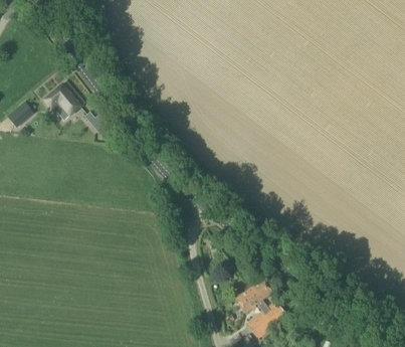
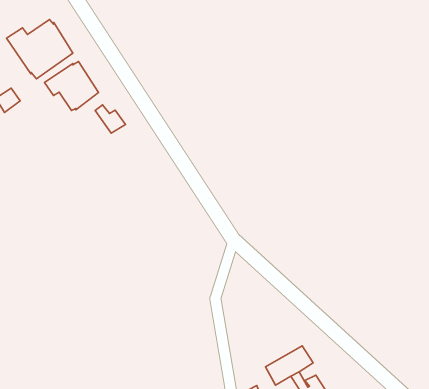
building: none -> [7,19,73,79]

